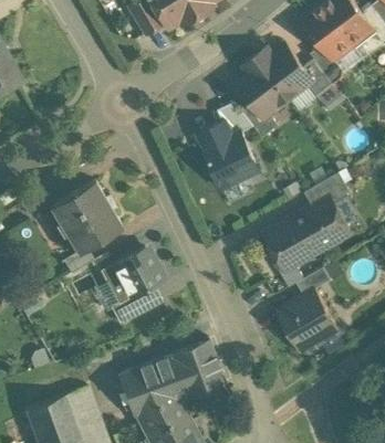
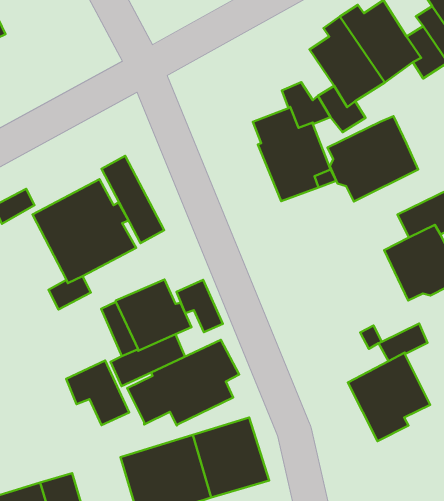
building: none -> [328,116,418,201]
building: none -> [101,156,164,243]
building: [266,219,315,271] -> none
building: none -> [177,280,223,332]
building: none -> [127,340,239,426]
building: none -> [66,361,129,425]

